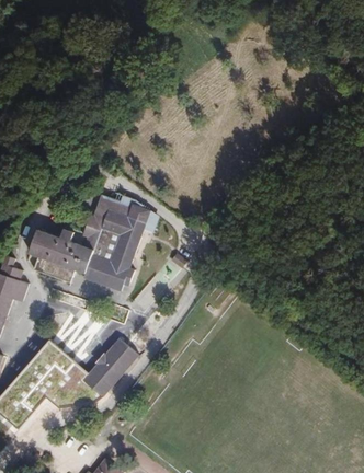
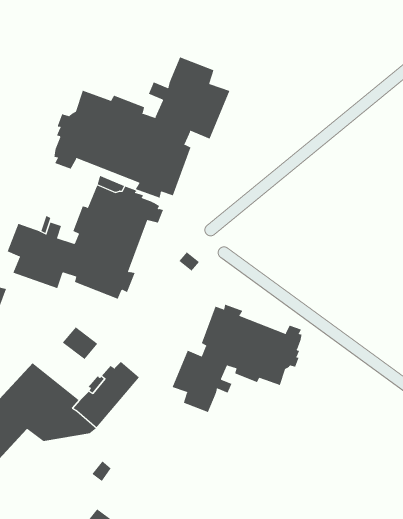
building: none -> [54,57,230,199]
building: none -> [172,304,302,413]

